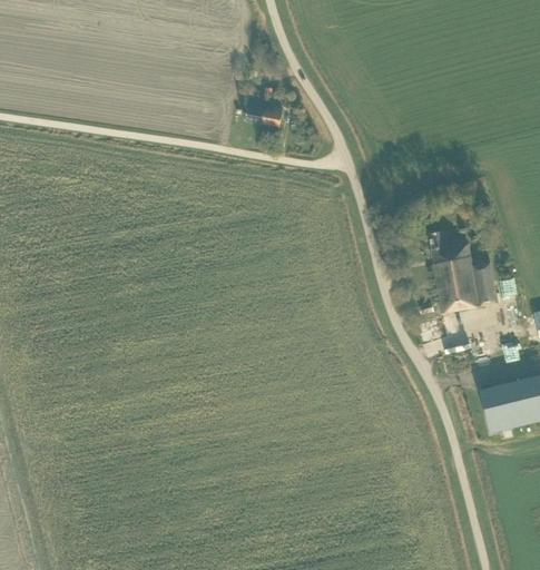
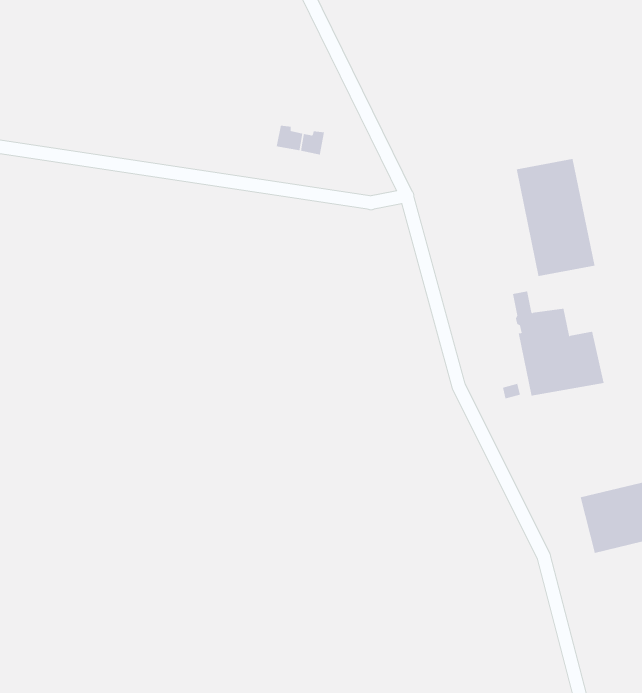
building: none -> [516,158,595,277]

